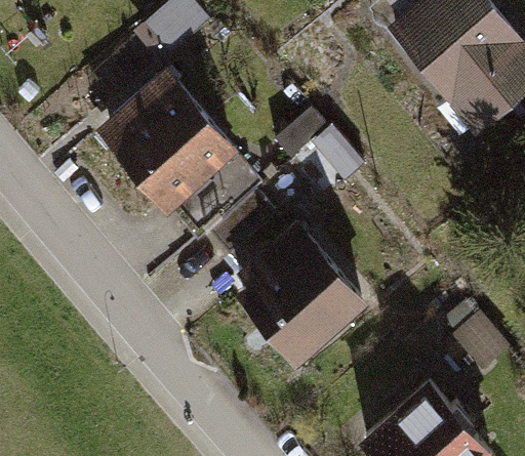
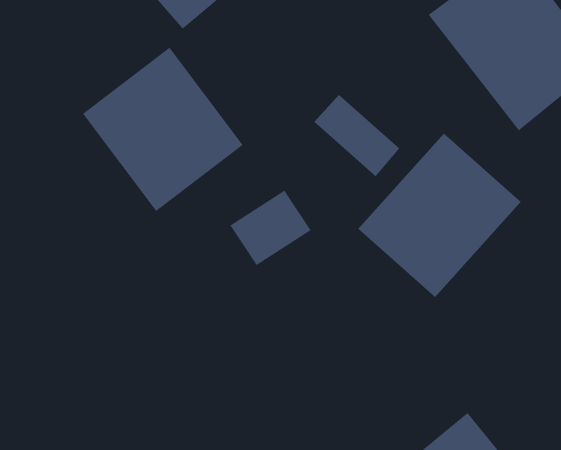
building: none -> [357,133,521,298]
building: [231,224,371,368] -> none

